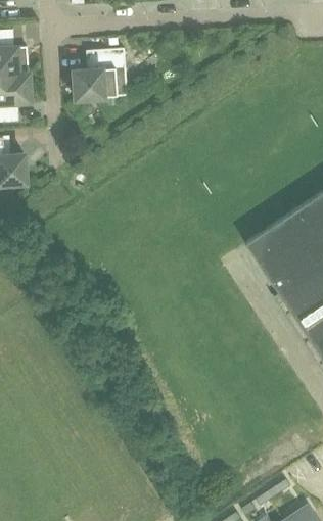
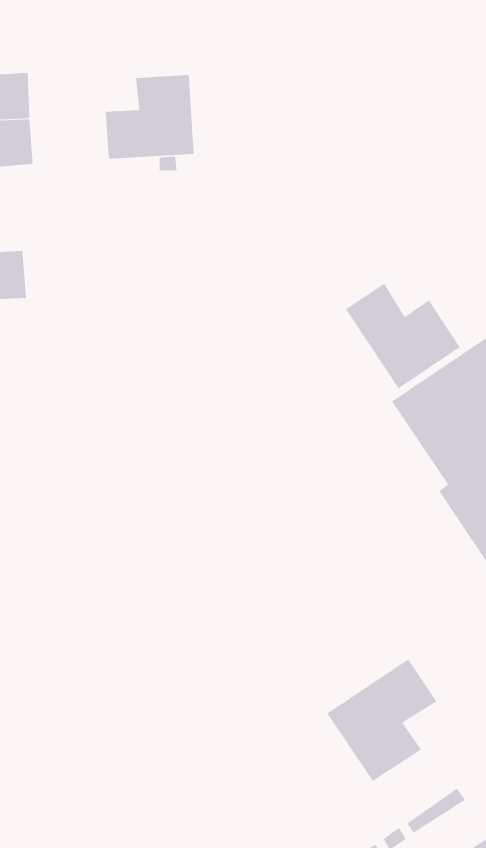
building: none -> [345,283,460,389]
building: none -> [326,659,437,782]

